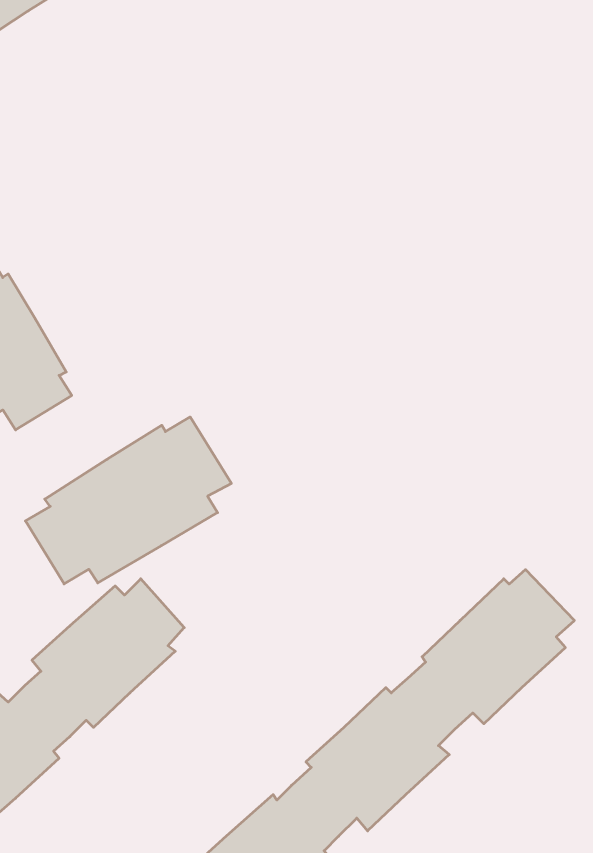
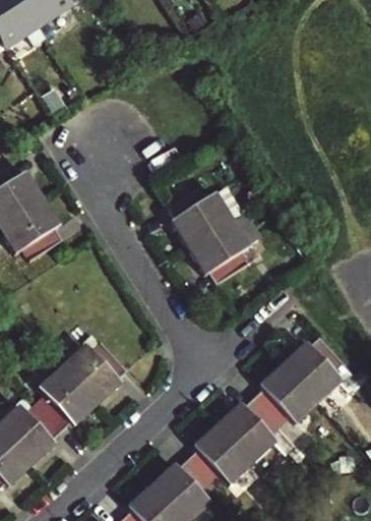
building: none -> [168,188,247,284]
building: [25,417,231,584] -> none

